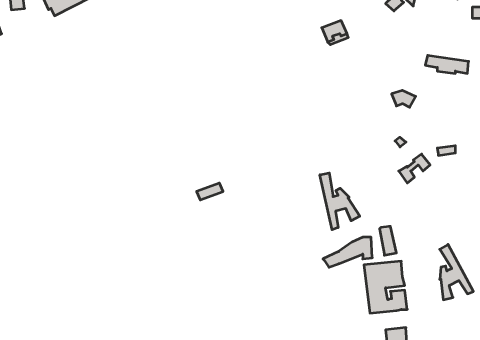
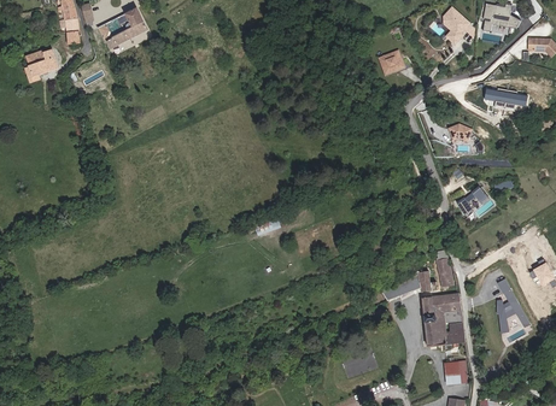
building: [320,173,360,230] -> none

